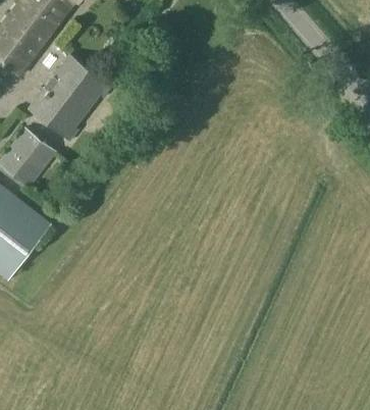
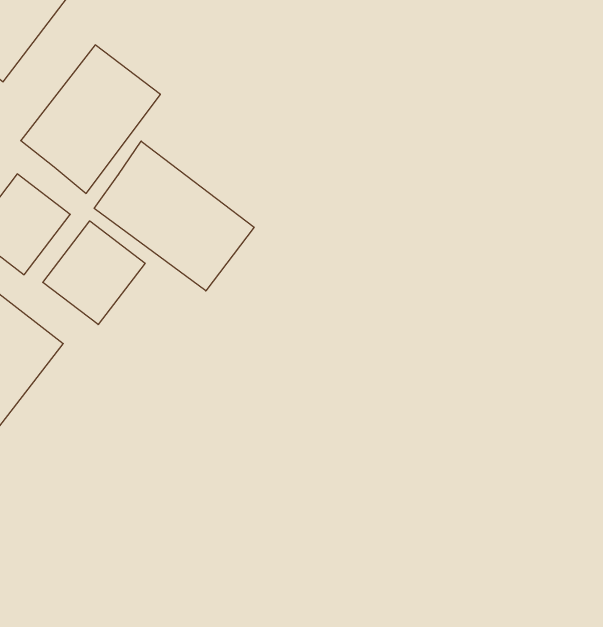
building: none -> [94,141,254,291]
building: none -> [43,221,145,325]

